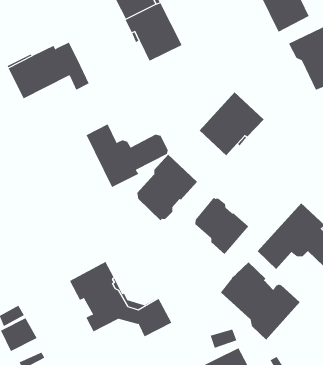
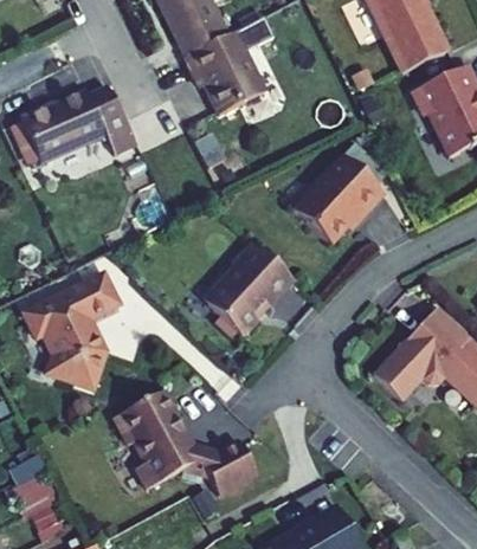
building: [86,123,168,188] -> none
building: none -> [21,274,117,390]
building: [195,197,249,255] -> none
building: [220,261,300,341] -> none

